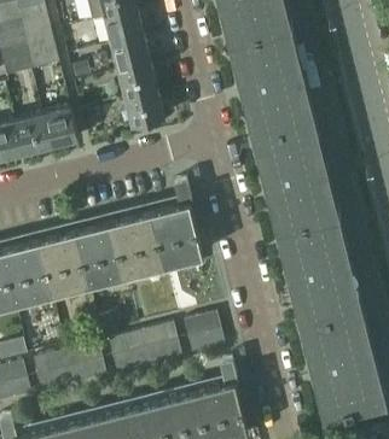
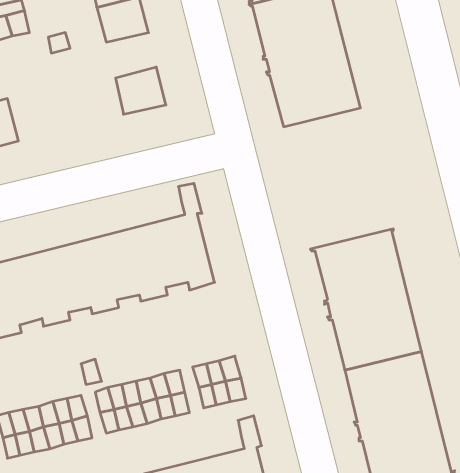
building: [116,63,155,98] -> none
building: [40,107,76,146] -> none
building: [252,121,337,229] -> none

